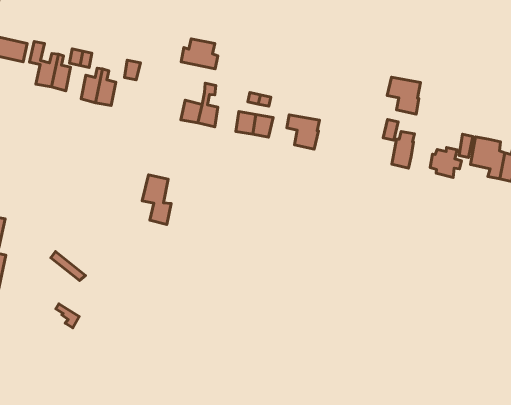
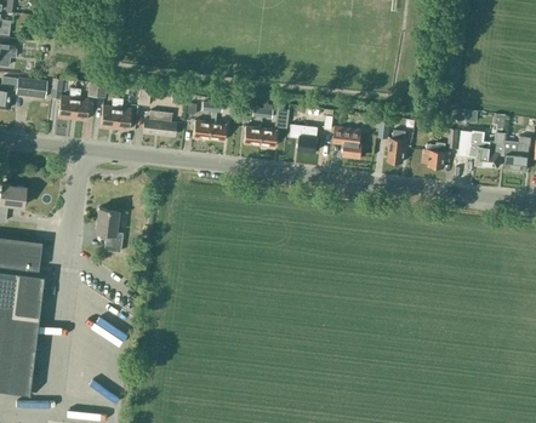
building: [181,39,218,69] -> [143,110,176,136]
building: [387,77,420,114] -> [333,126,363,158]
building: [142,175,171,224] -> [96,208,122,252]

